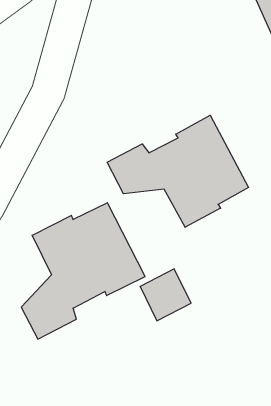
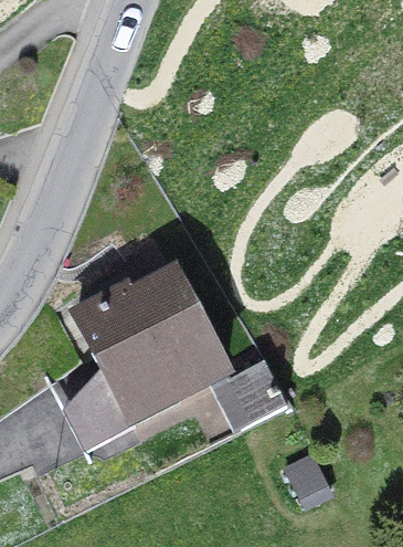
building: [107,115,249,227] -> none

